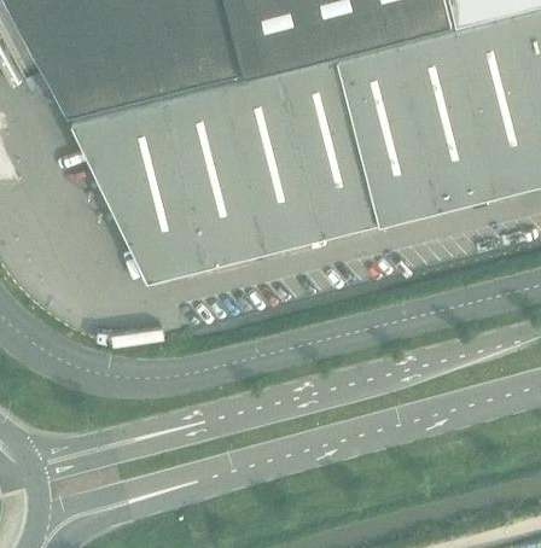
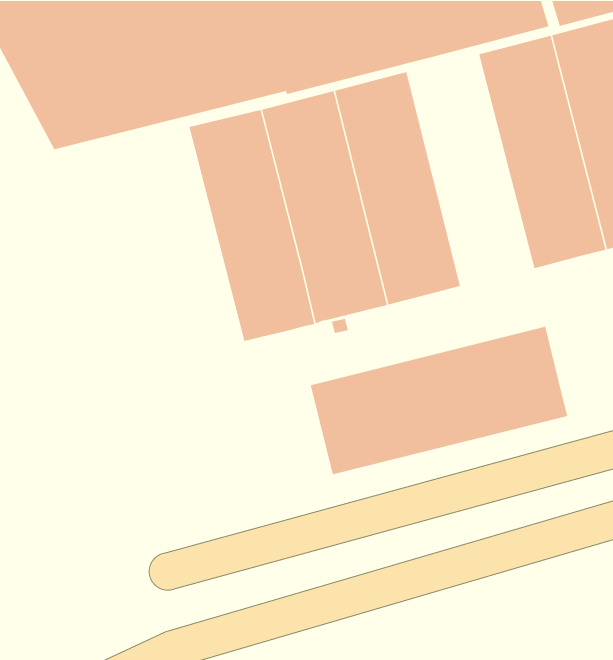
building: [338,41,435,218] -> none
building: [71,97,214,278] -> none
building: none -> [310,326,568,475]

